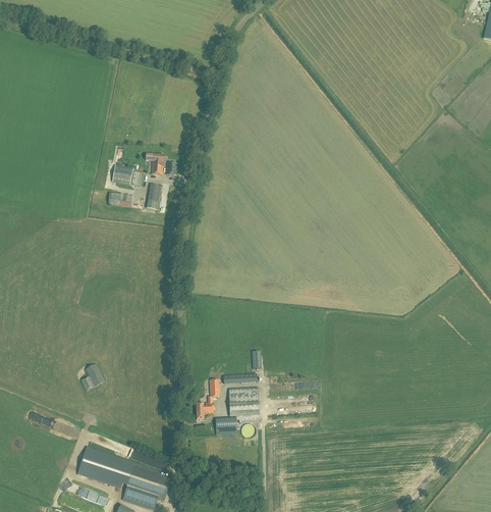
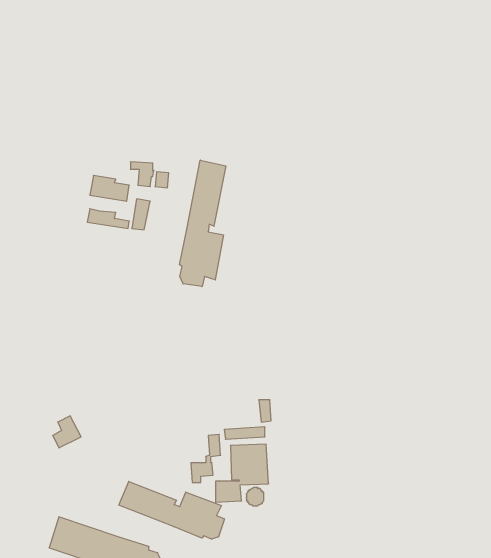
building: none -> [179,160,226,287]
building: none -> [119,481,224,539]

